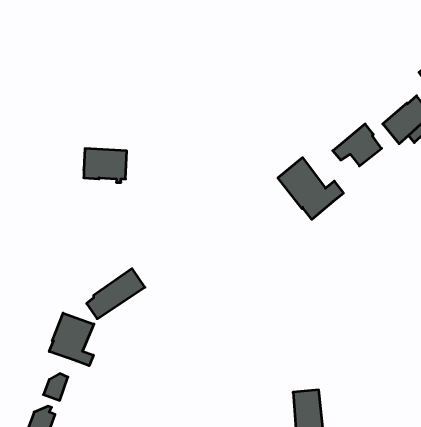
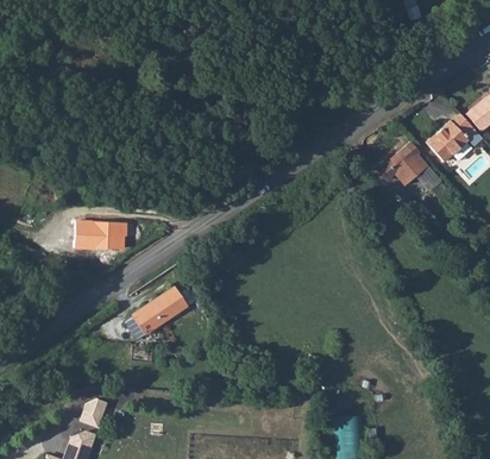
building: [84,149,127,182] -> [77,219,121,253]
building: [278,158,343,219] -> none
building: [49,313,94,366] -> none

